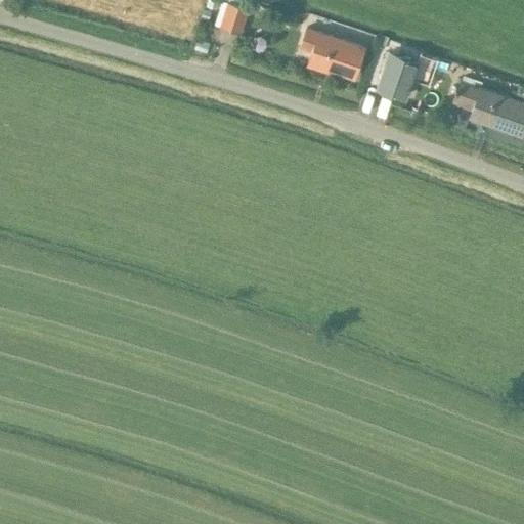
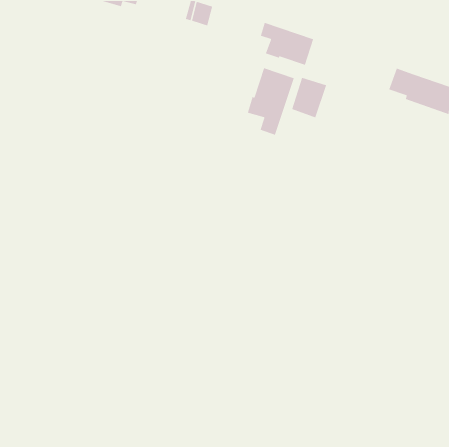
building: [377,53,419,101] -> [291,77,327,118]
building: none -> [247,67,295,136]

